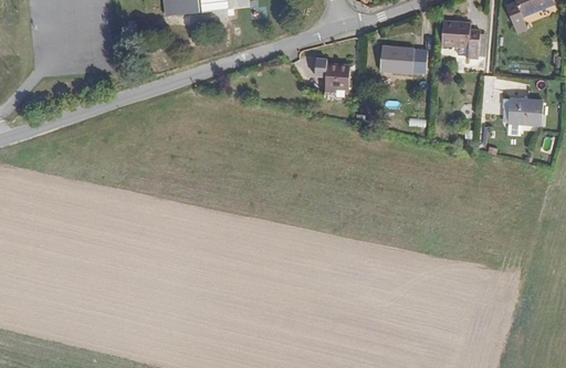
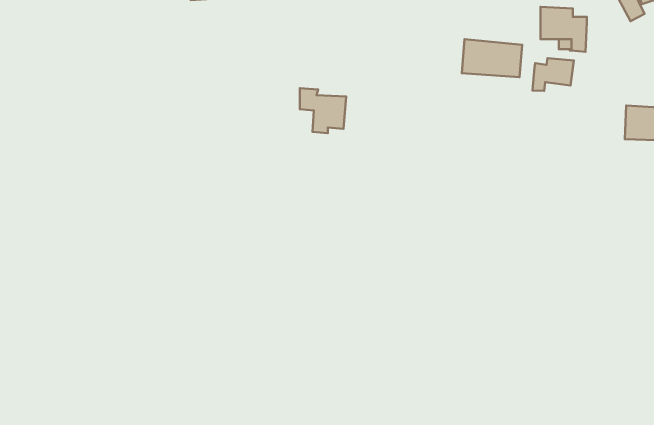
building: [313,57,349,93] -> [300,88,346,133]
building: none -> [533,58,574,91]

